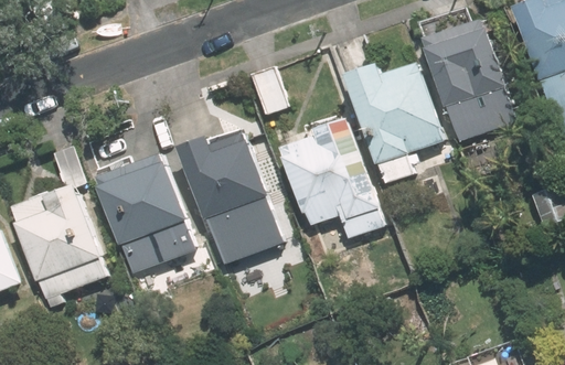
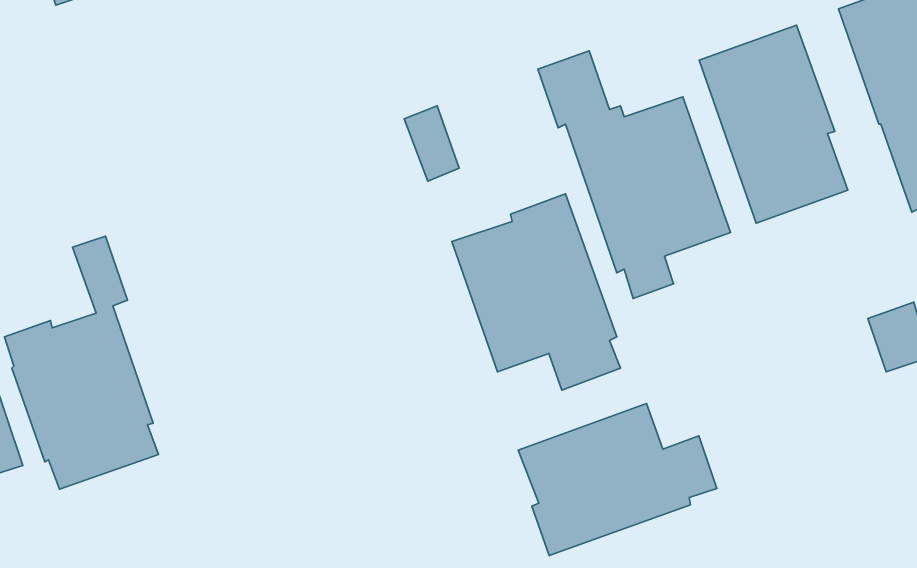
building: [178,133,271,251] -> none
building: [95,155,191,262] -> none
building: none -> [518,403,717,555]

